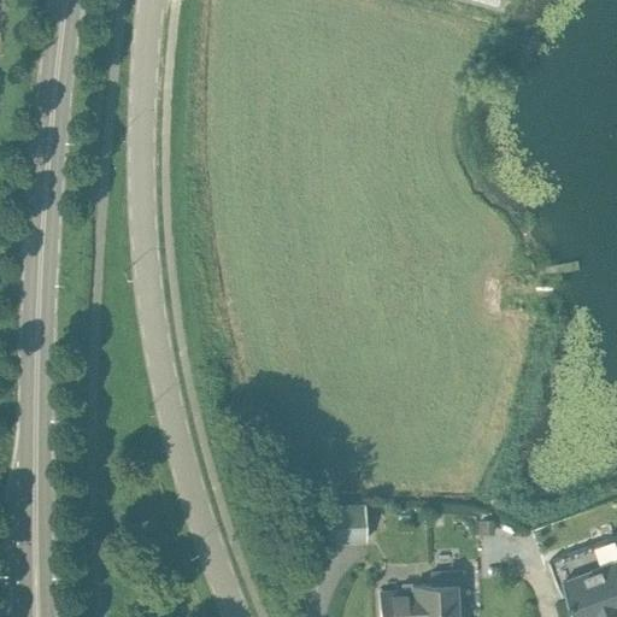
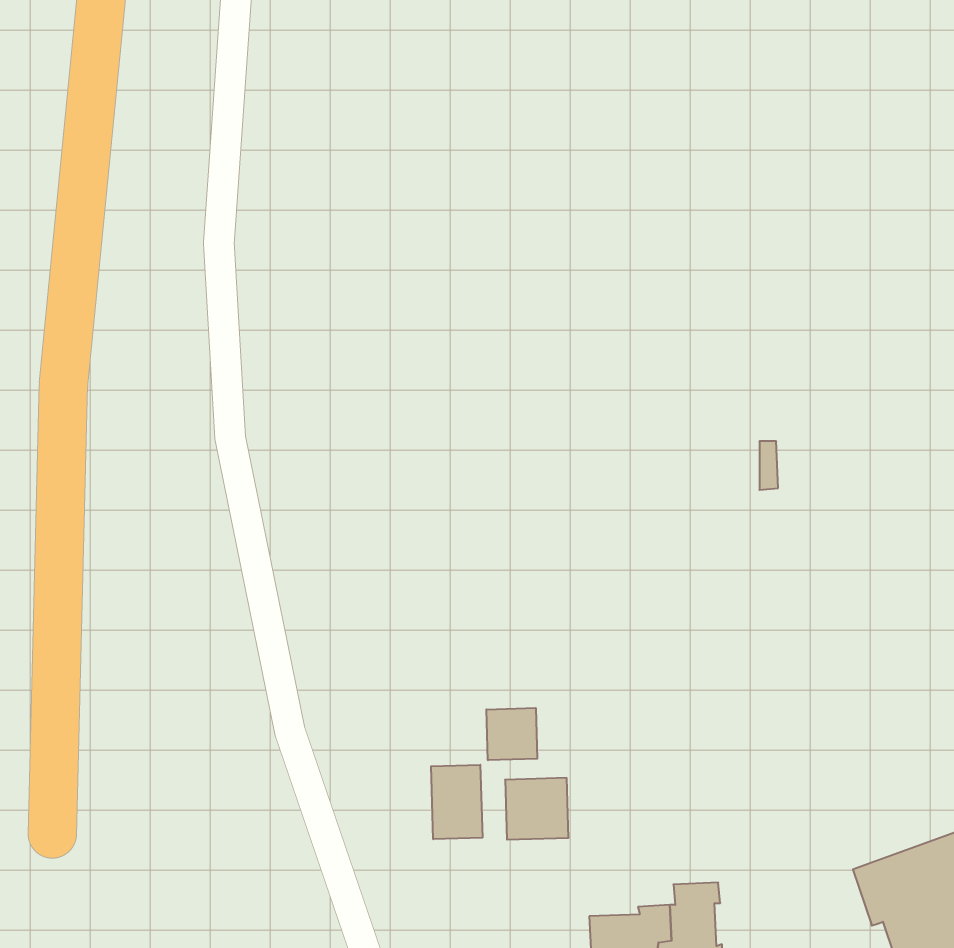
building: none -> [486,708,537,760]
building: none -> [431,765,482,839]

